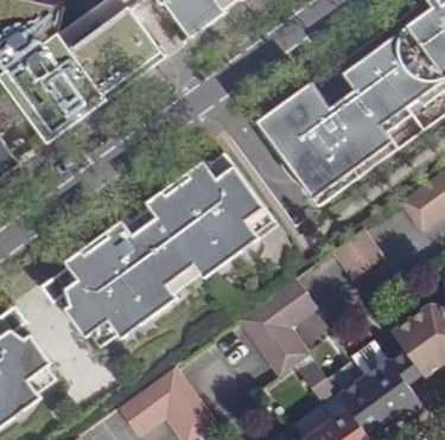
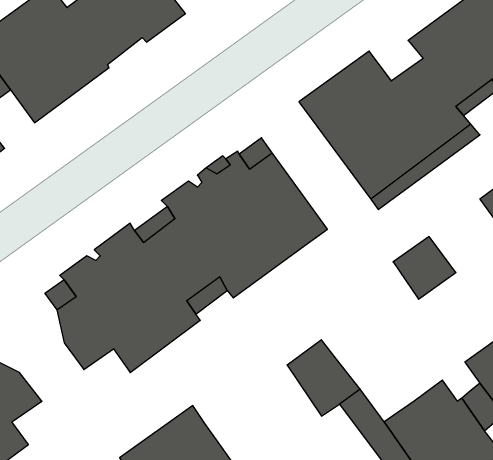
building: [237,276,314,331] -> none

